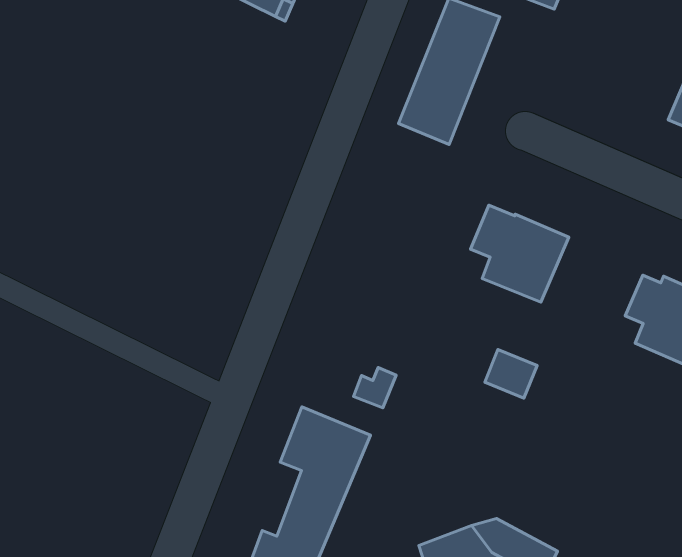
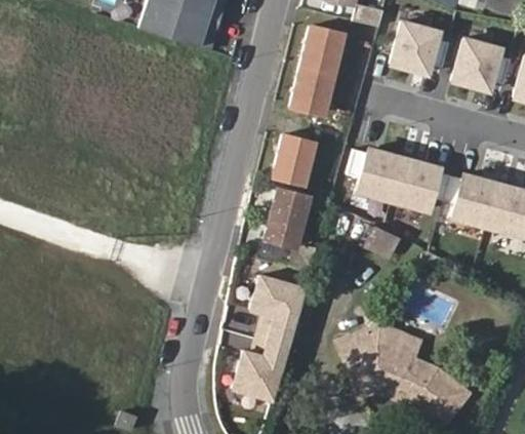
building: none -> [391,19,448,71]
building: none -> [275,133,315,183]
building: none -> [392,156,450,206]
building: none -> [270,191,305,244]

